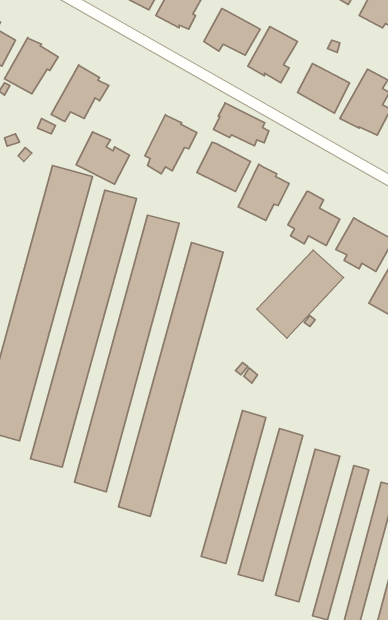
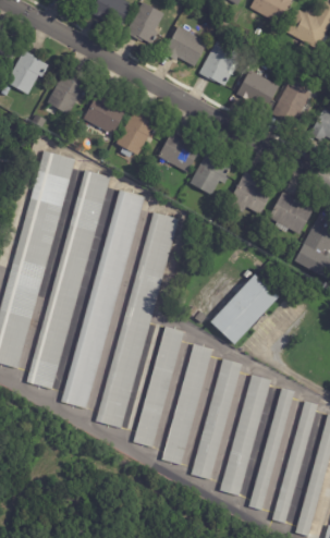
building: [213,103,269,146] -> none
building: [76,132,130,184] -> [84,91,126,133]
building: [257,250,343,338] -> [209,274,278,344]
building: none -> [133,327,184,447]

